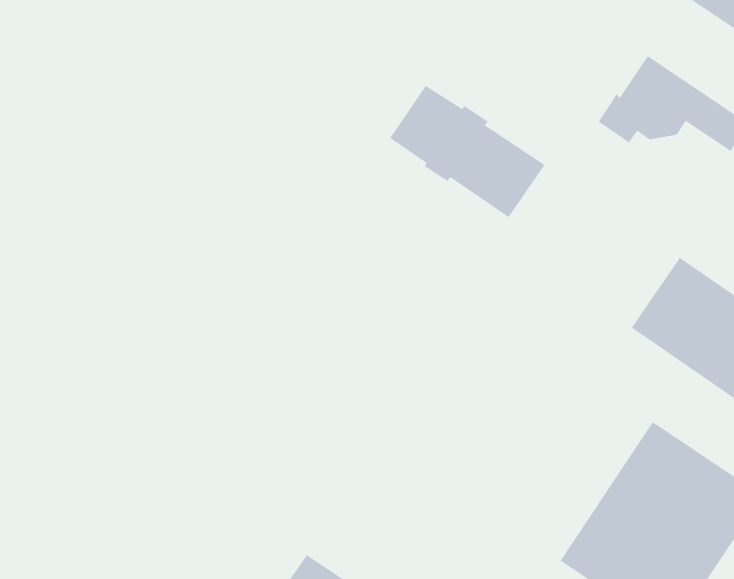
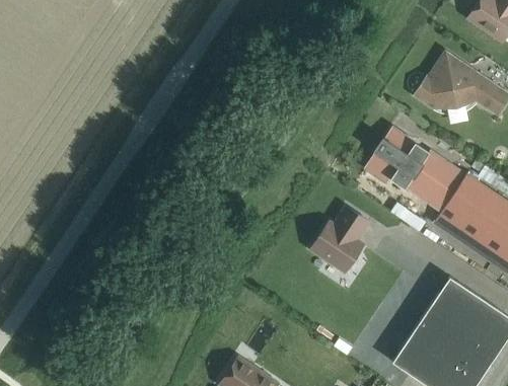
building: [389,85,545,218] -> [370,130,465,211]
building: none -> [312,207,369,272]

